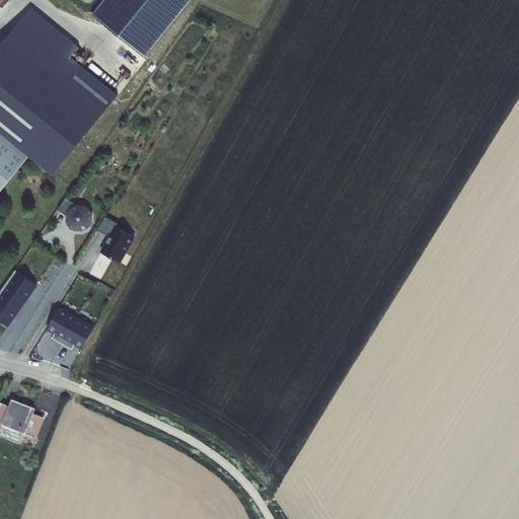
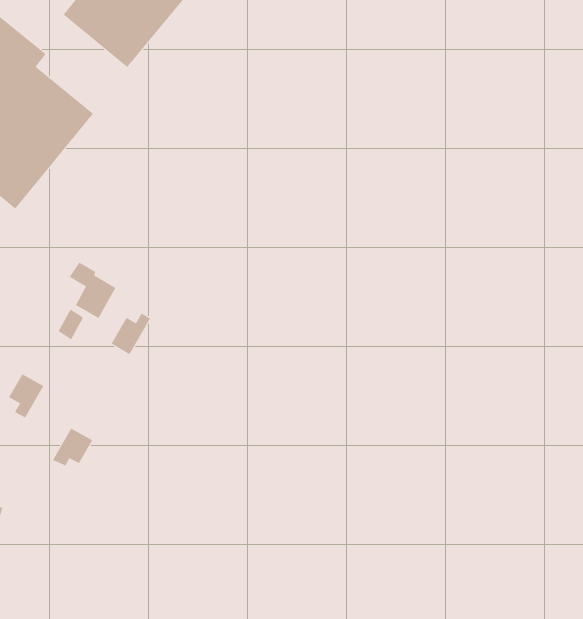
building: [56,197,89,228] -> none
building: none -> [111,312,151,355]
building: [60,316,93,348] -> [52,428,93,466]

